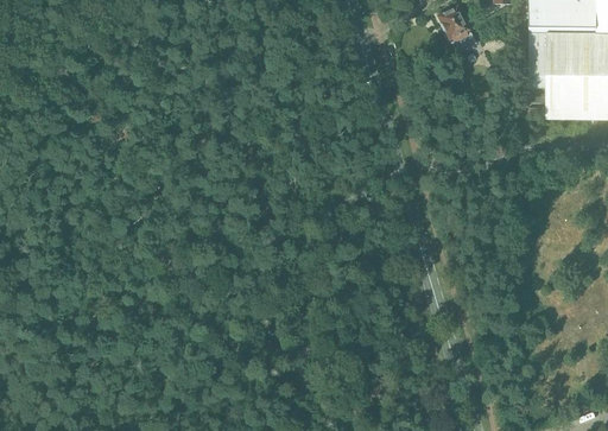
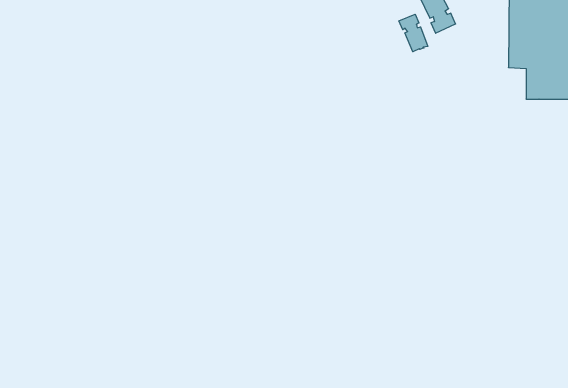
building: none -> [399,14,428,52]

